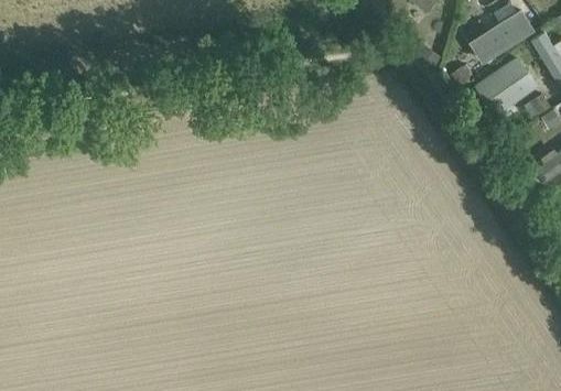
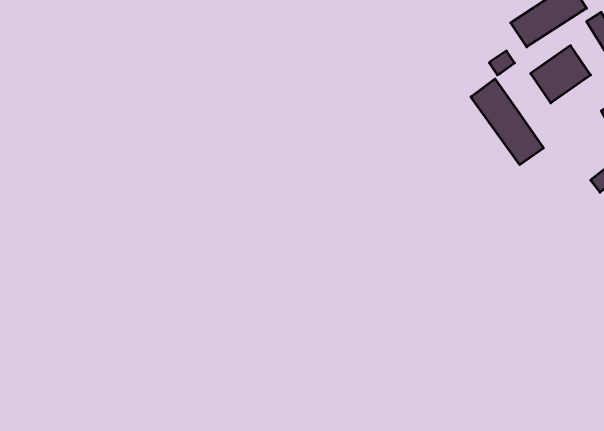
building: none -> [471,79,543,165]

